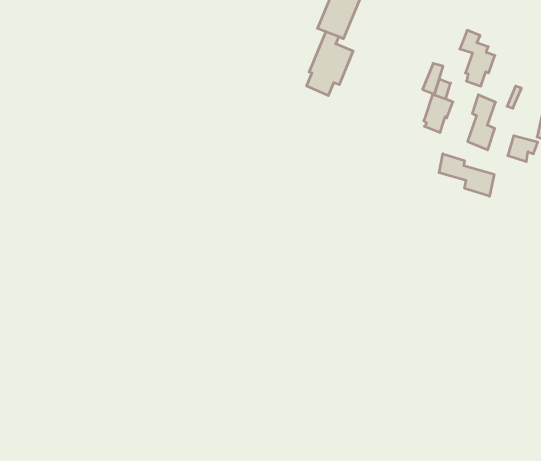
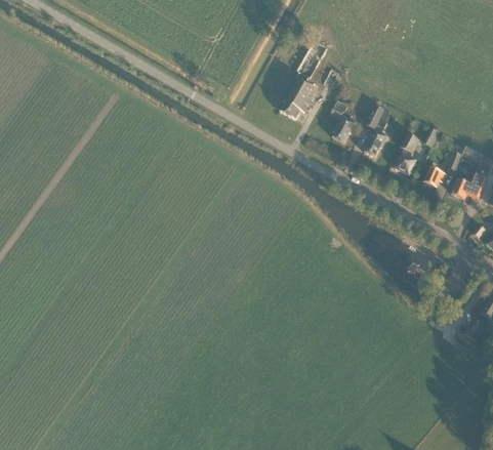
building: [460,30,495,86] -> [332,99,358,142]
building: [439,154,494,196] -> none

